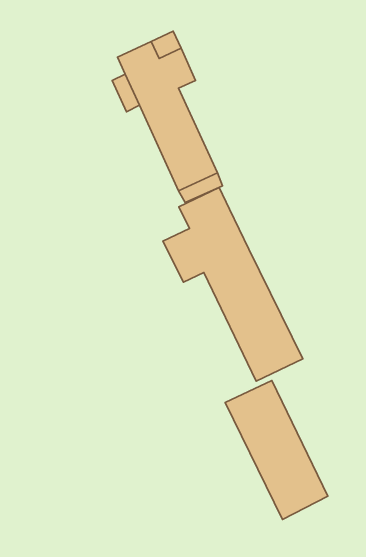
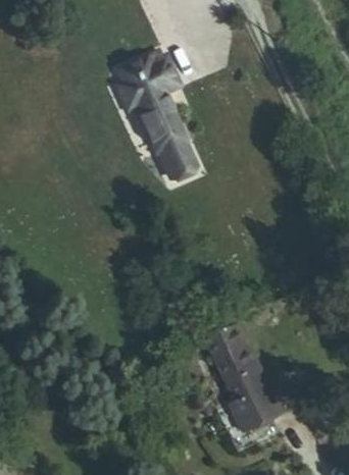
building: [163,187,303,381] -> none

